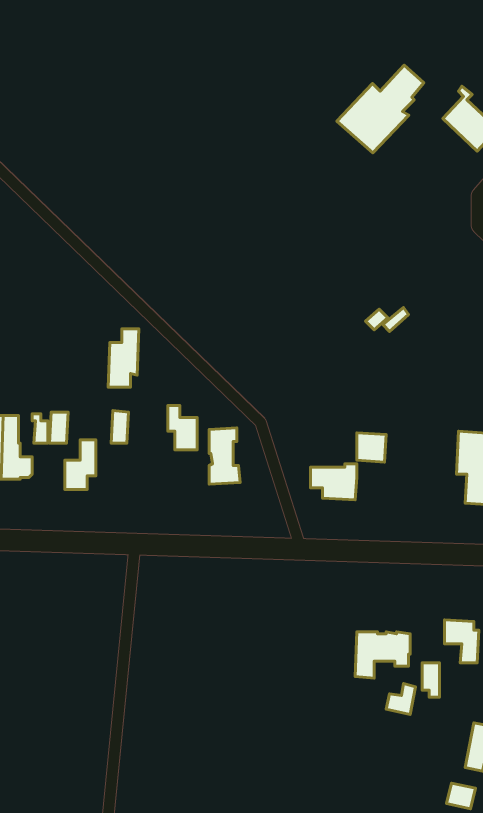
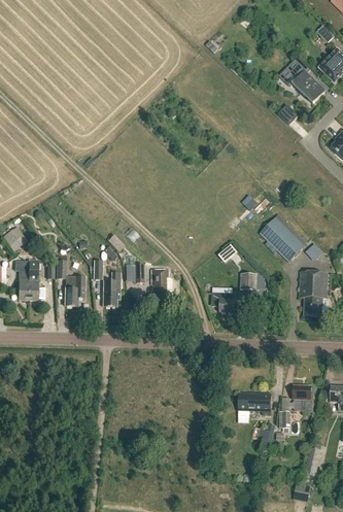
building: [337,65,424,153] -> none
building: [108,329,139,387] -> [103,271,122,306]
building: none -> [260,213,308,262]

